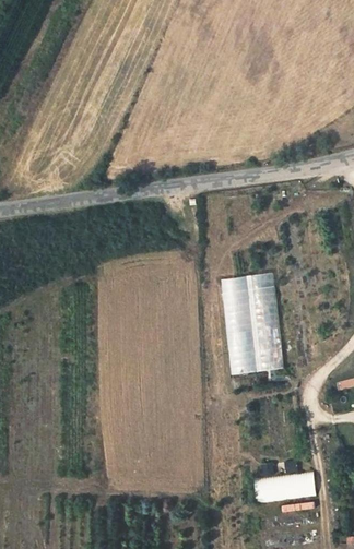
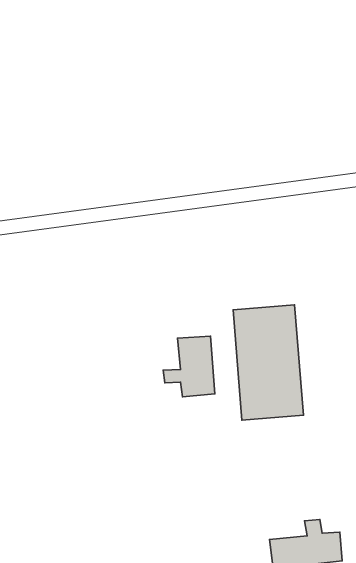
building: none -> [163,336,215,397]

